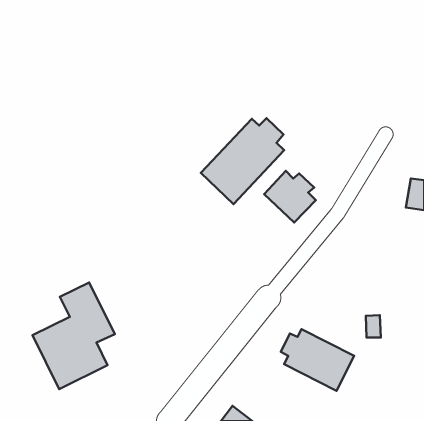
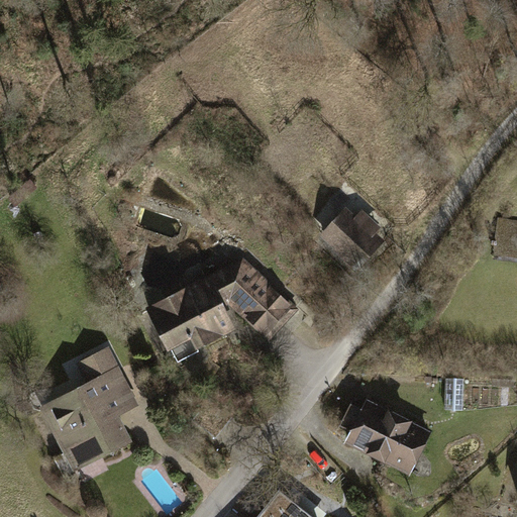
building: [201,118,284,204] -> none
building: none -> [144,260,294,364]

